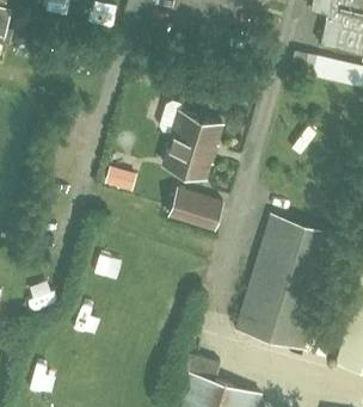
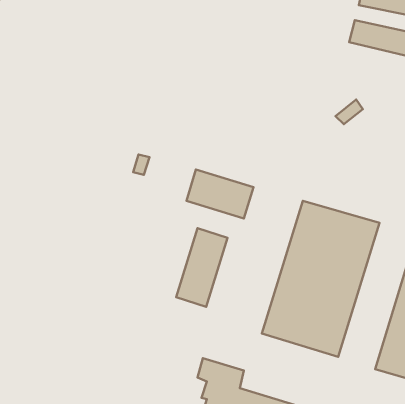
building: [158,104,220,179] -> none
building: none -> [176,228,228,307]

